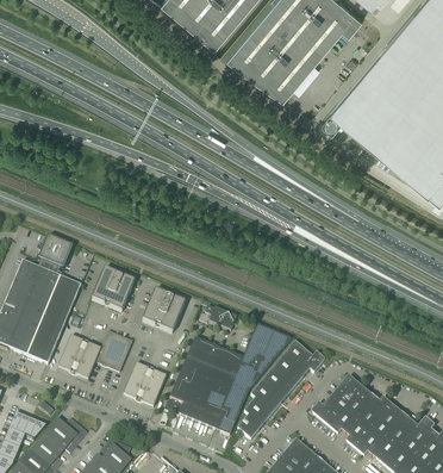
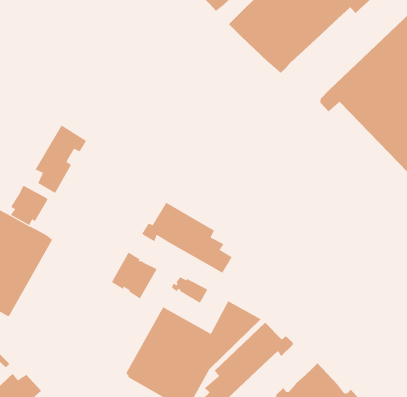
building: none -> [35,124,87,194]
building: none -> [142,202,232,274]
building: [92,267,135,310] -> none
building: [57,329,132,378] -> none
building: [123,361,166,405] -> none

